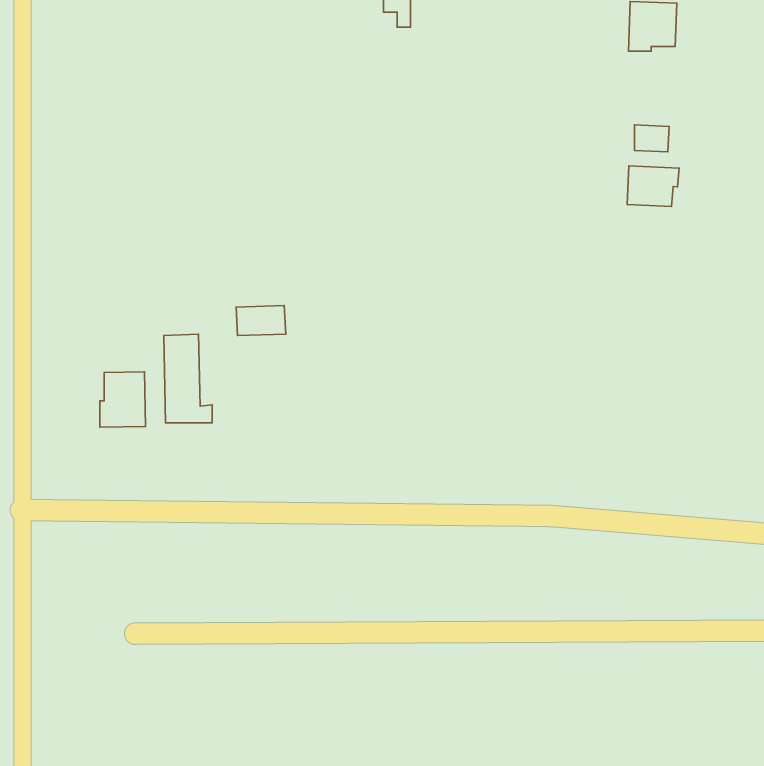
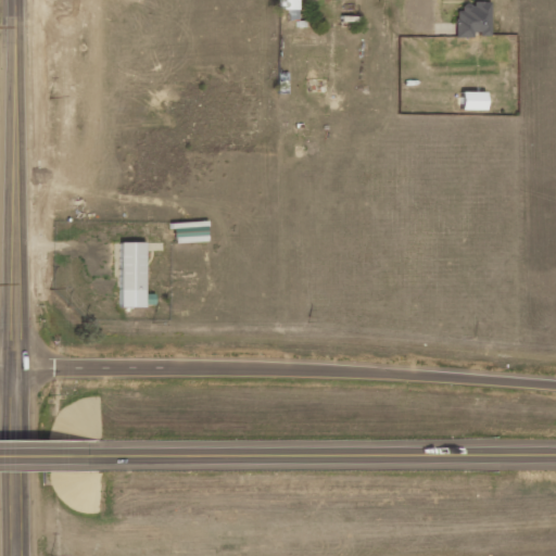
building: [627,166,679,206] -> none
building: [100,372,146,427] -> none

